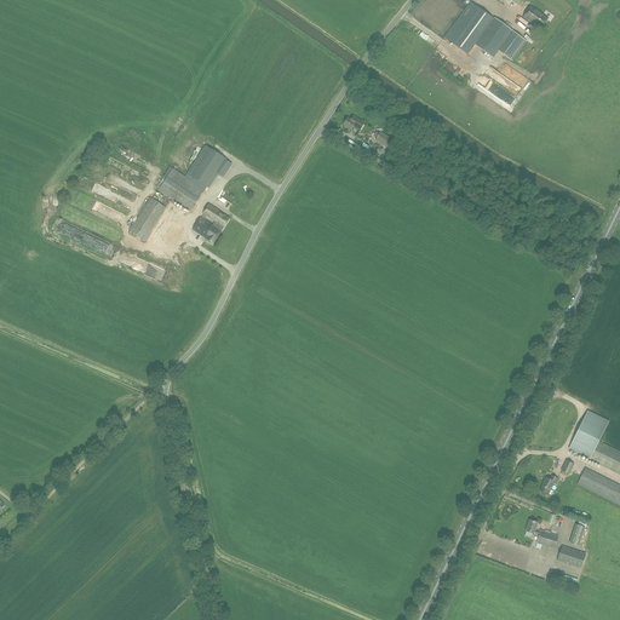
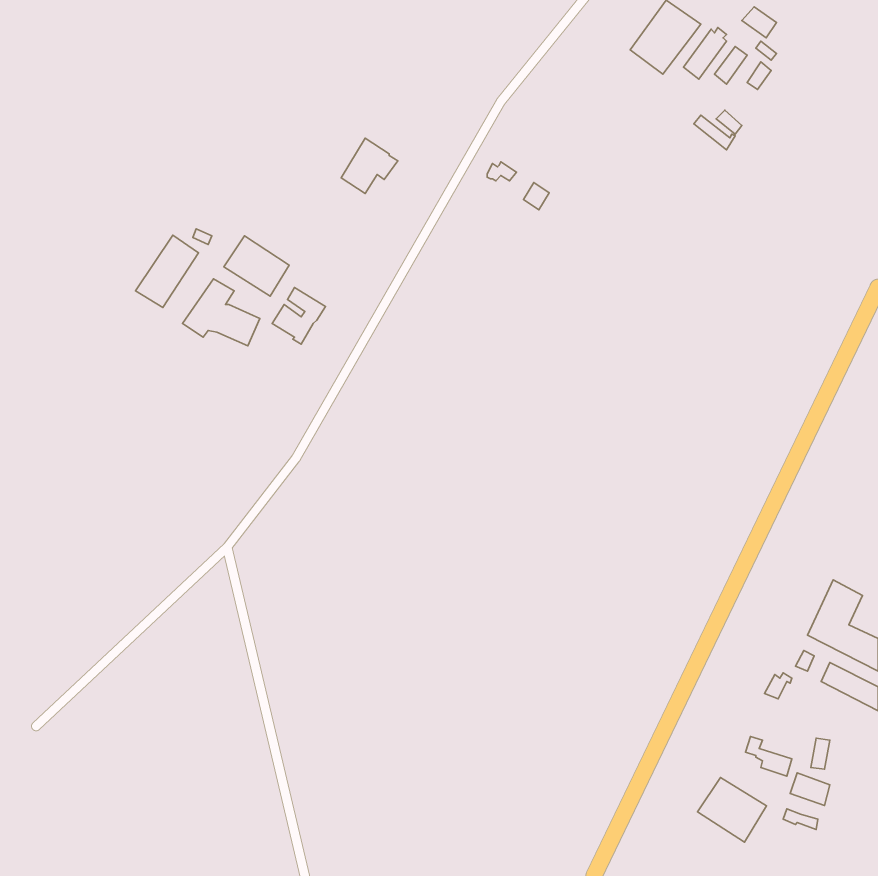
building: [191,147,231,185] -> [341,138,398,193]
building: none -> [136,235,199,308]
building: none -> [698,777,767,842]

